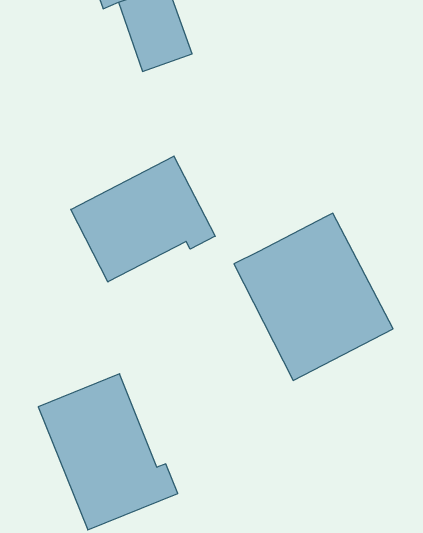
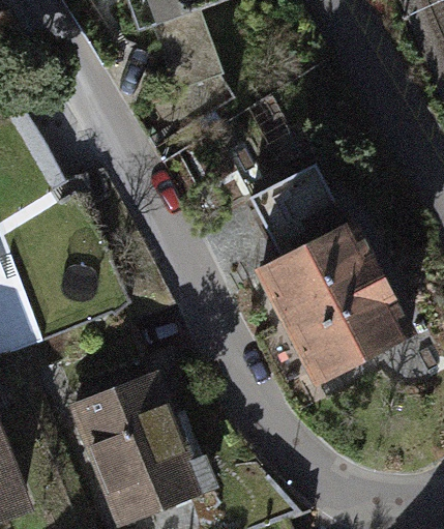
building: none -> [253,167,349,261]
building: [71,156,215,282] -> none

